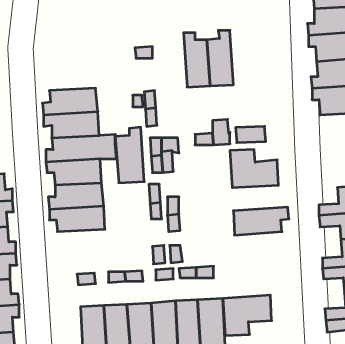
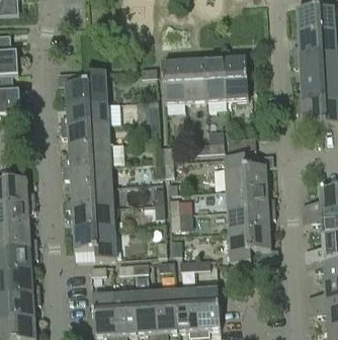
building: none -> [224,51,248,99]
building: none -> [65,70,106,104]
building: [115,127,144,183] -> [161,54,186,102]
building: none -> [226,187,274,209]
building: none -> [73,226,116,259]
building: [223,295,272,336] -> [228,228,270,263]

